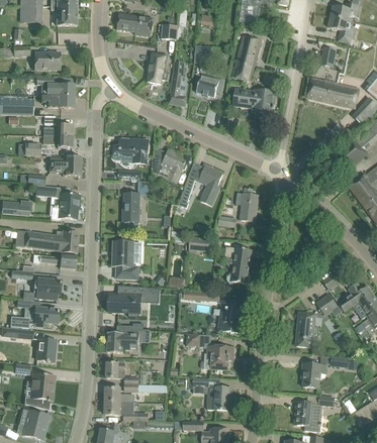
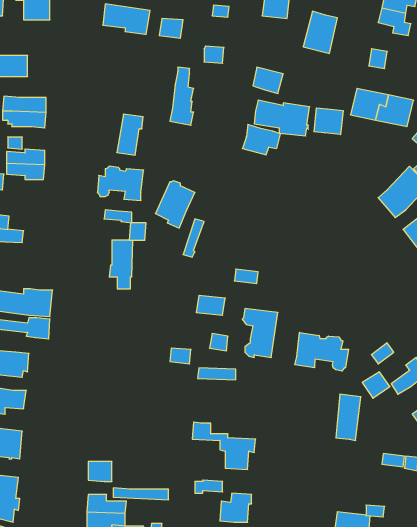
building: [235,33,262,66] -> [303,11,337,53]
building: [147,51,167,83] -> [117,114,143,155]
building: [196,73,225,96] -> [242,125,281,155]
building: none -> [314,108,343,135]
building: [50,154,82,175] -> none
building: [195,164,222,204] -> none
building: [235,187,259,221] -> none
building: [51,192,80,219] -> none
building: [112,240,138,279] -> none
building: none -> [295,332,349,371]
building: [108,284,158,316] -> none
building: [218,300,244,331] -> none
building: [107,325,139,352] -> none
building: [303,362,327,387] -> none

